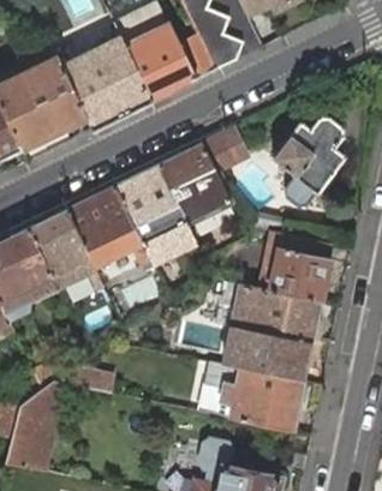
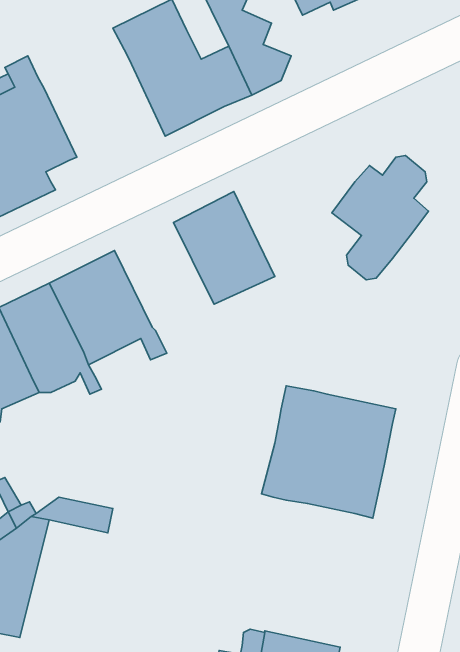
building: [62,37,151,130] -> none
building: [202,125,252,172] -> none
building: [114,164,197,267] -> none
building: [261,232,330,301] -> none
building: [199,363,304,432] -> none

